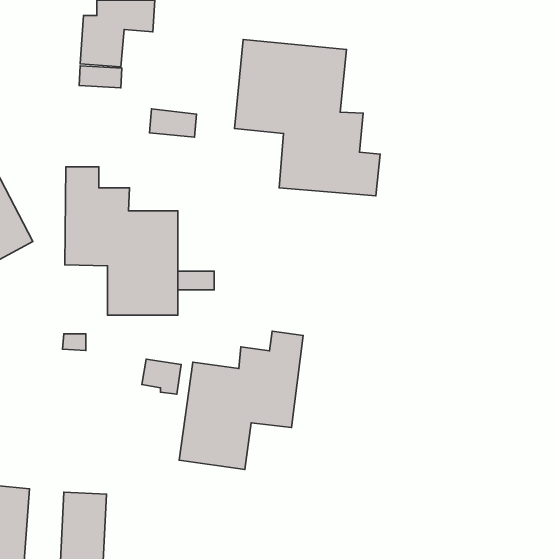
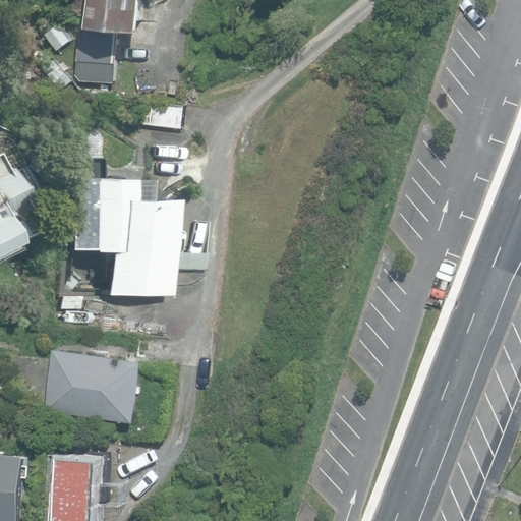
building: [235,40,380,196] -> none
building: [179,331,303,469] -> none
building: none -> [45,350,141,422]

